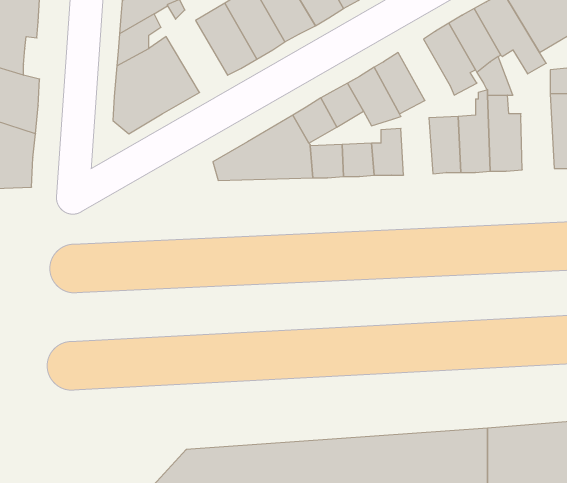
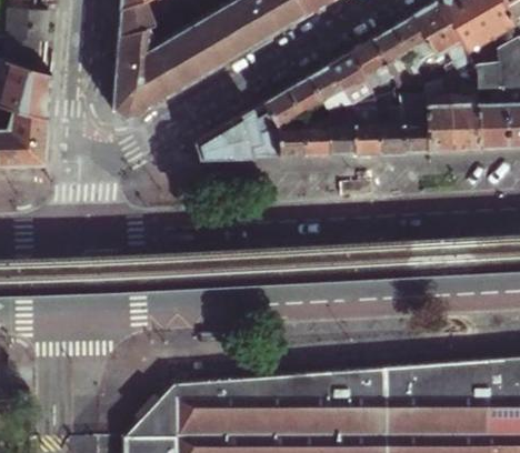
building: none -> [157,26,208,85]
building: none -> [350,41,393,92]
building: none -> [451,87,480,150]
building: none -> [352,107,379,154]

